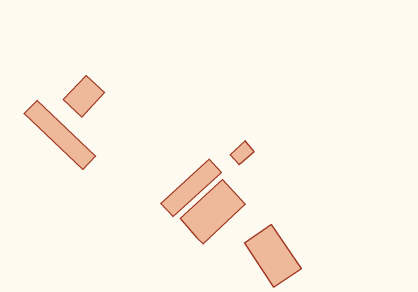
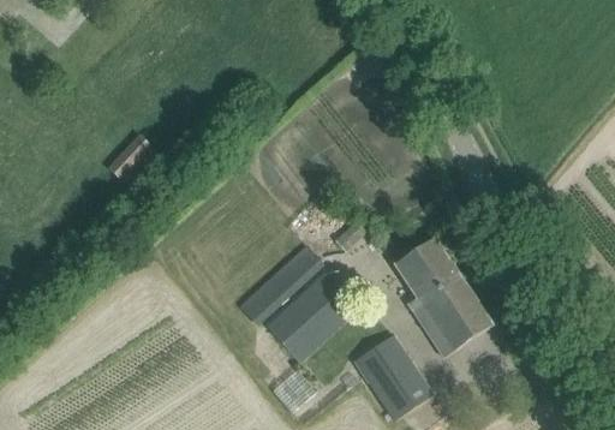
building: [24,100,96,169] -> none
building: none -> [396,238,491,357]

